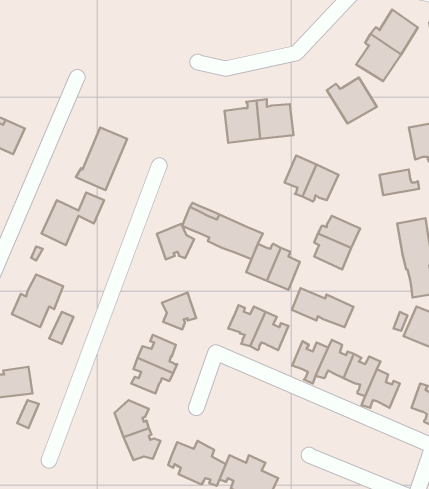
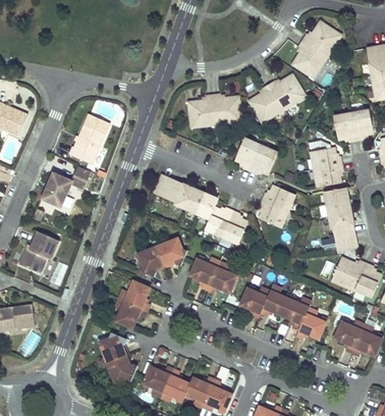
building: none -> [250,85,285,124]
building: none -> [314,163,343,187]
building: [157,224,194,260] -> [158,238,187,266]
building: [292,288,353,327] -> none

